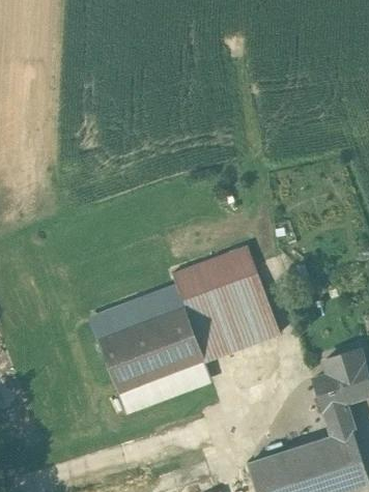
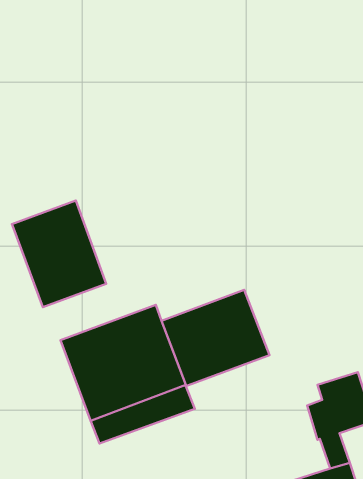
building: none -> [12,200,106,307]
building: [172,245,257,302] -> none

